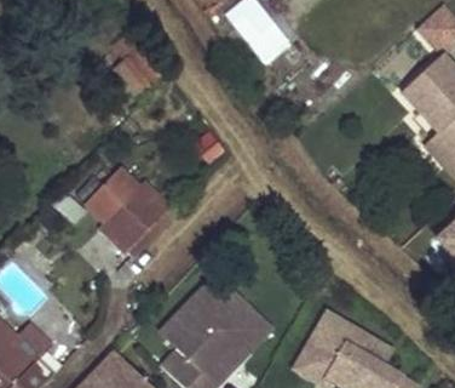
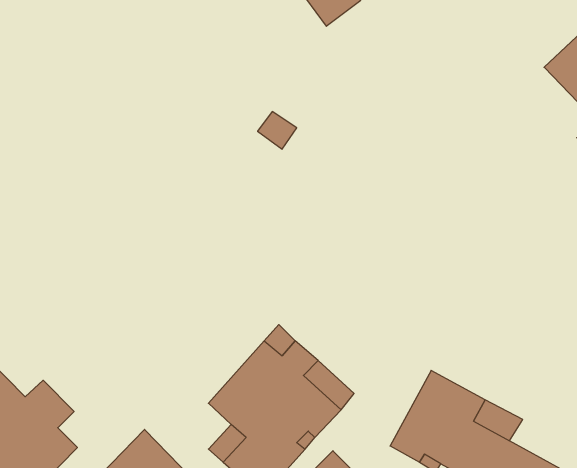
building: [91,161,182,250] -> none

